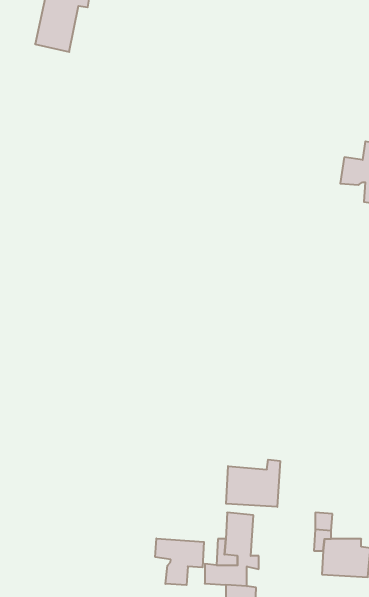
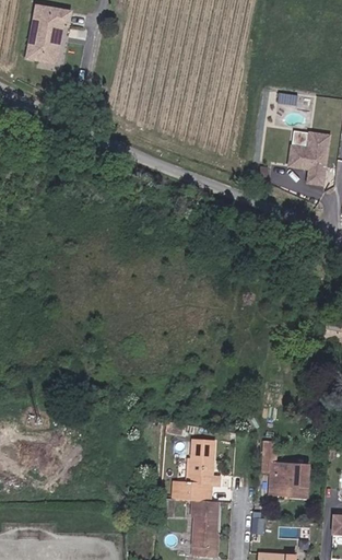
building: [226,460,280,507] -> none
building: [155,538,204,585] -> none

